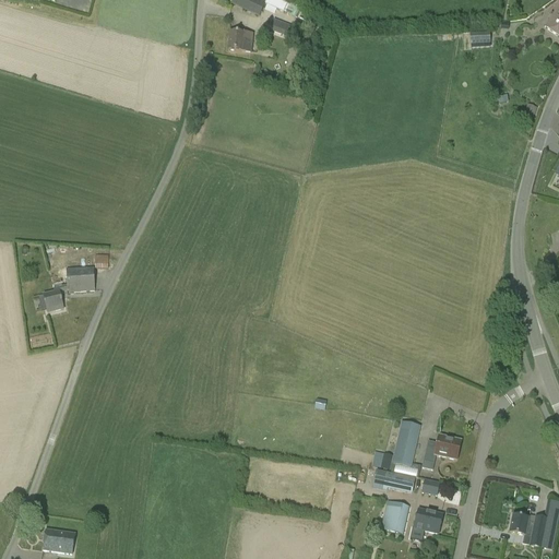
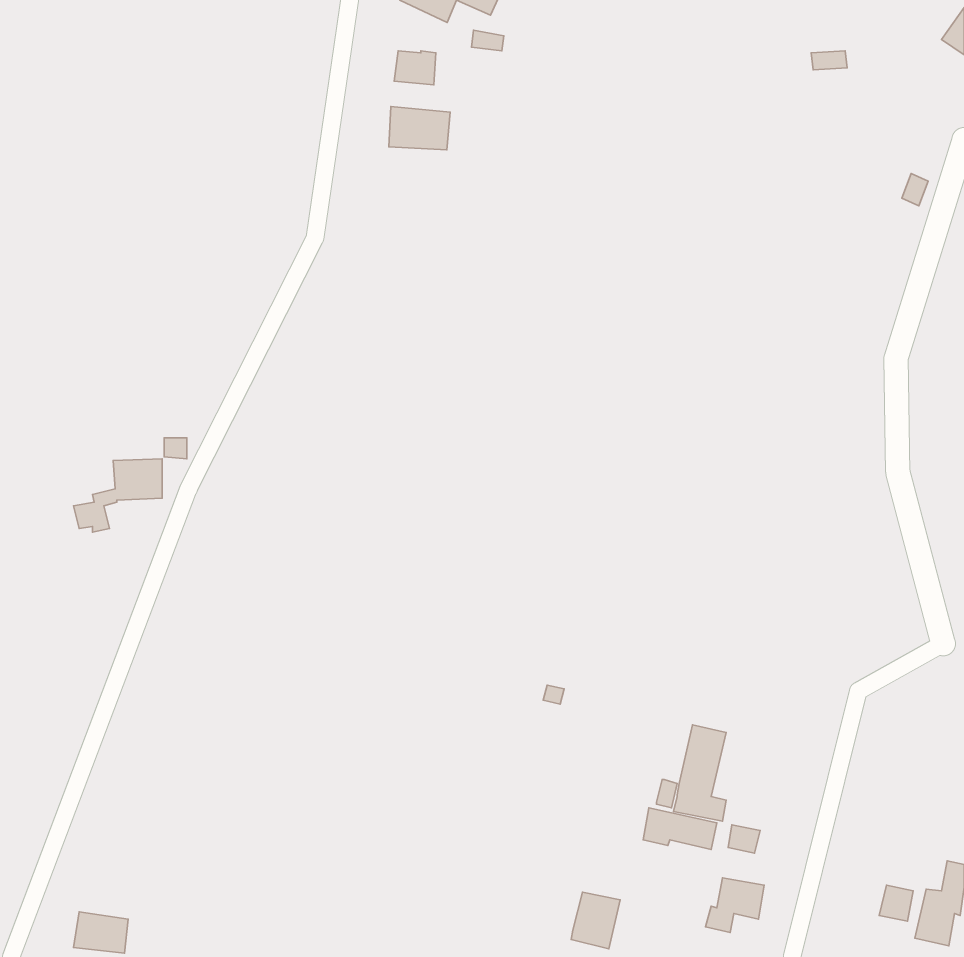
building: none -> [389,106,450,150]
building: [421,432,461,468] -> none
building: [381,499,409,532] -> [571,892,620,949]

